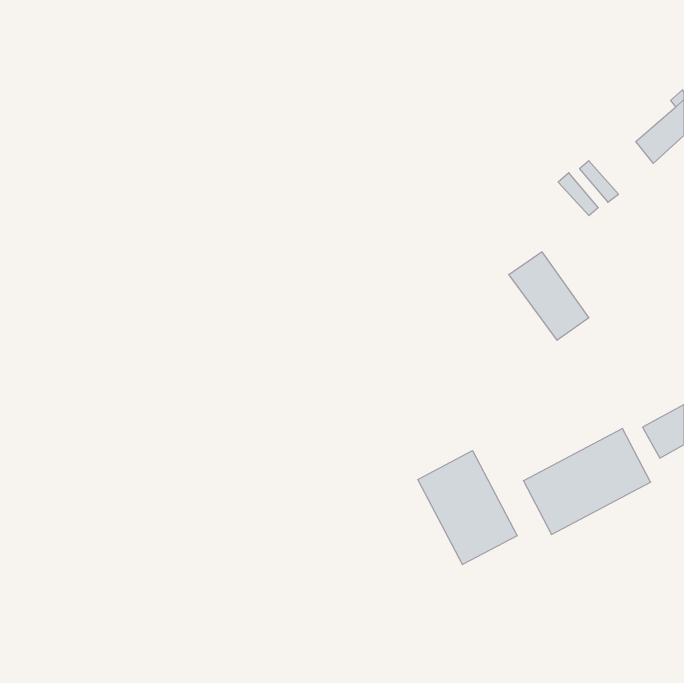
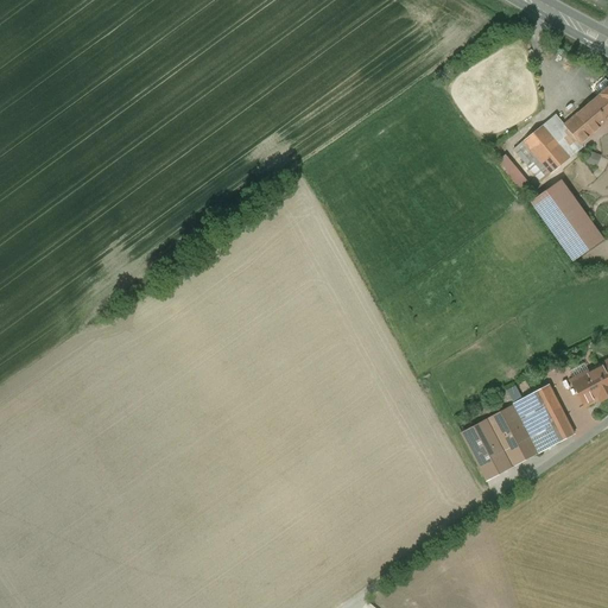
building: none -> [522,127,570,176]
building: [509,252,589,340] -> [531,183,602,261]
building: [418,451,517,565] -> none

